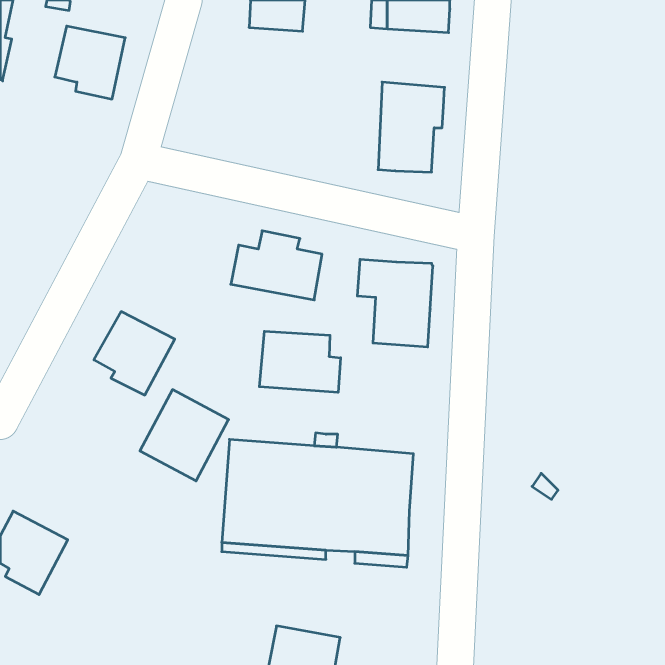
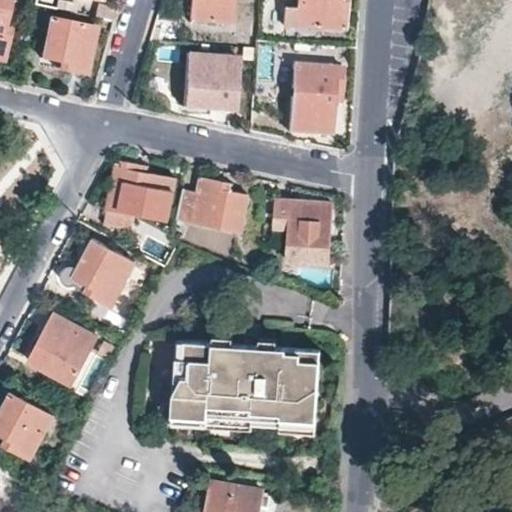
building: none -> [184,56,238,113]
building: none -> [105,161,175,230]
building: [259,331,341,392] -> none
building: [140,390,229,481] -> [28,313,96,383]

